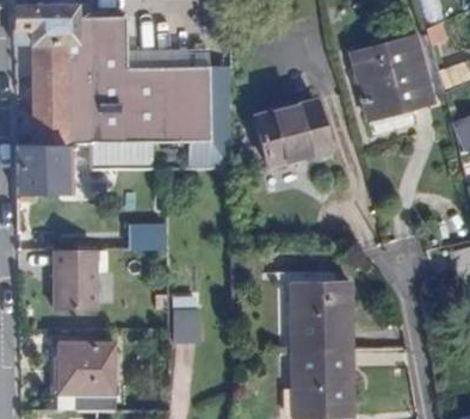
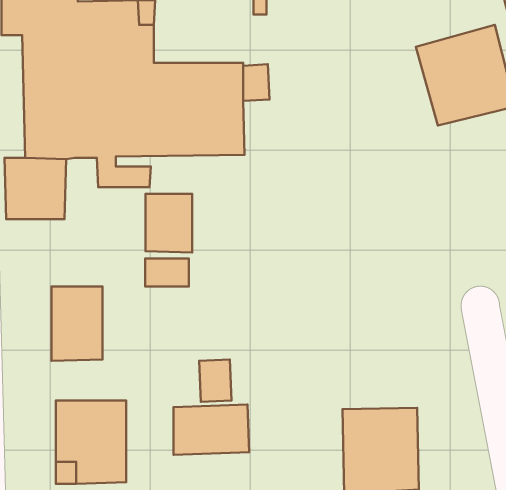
building: [255,100,329,165] -> none
building: none -> [146,194,192,252]
building: [290,281,352,350] -> none
building: none -> [173,405,249,455]

